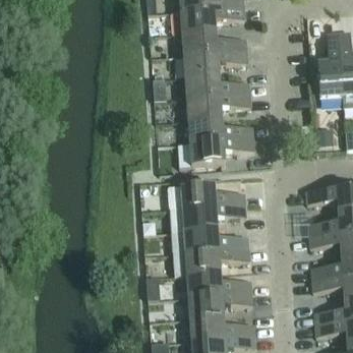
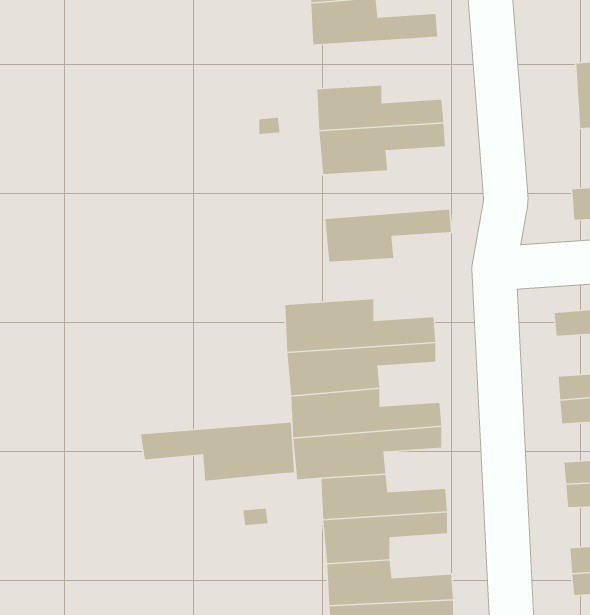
building: [183,50,248,76] -> none
building: [188,118,253,142] -> none
building: none -> [140,422,295,482]

